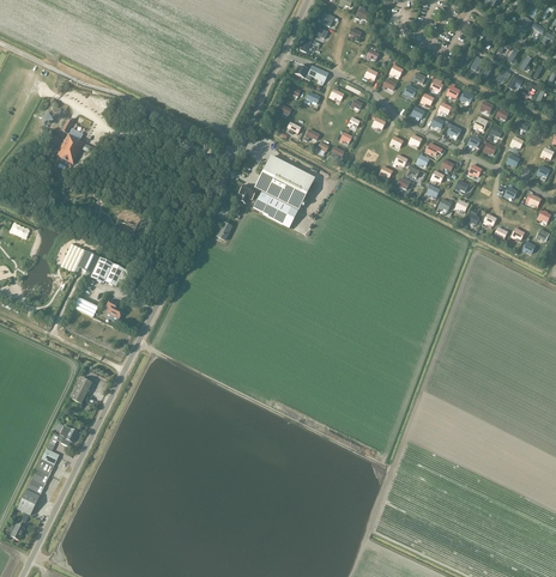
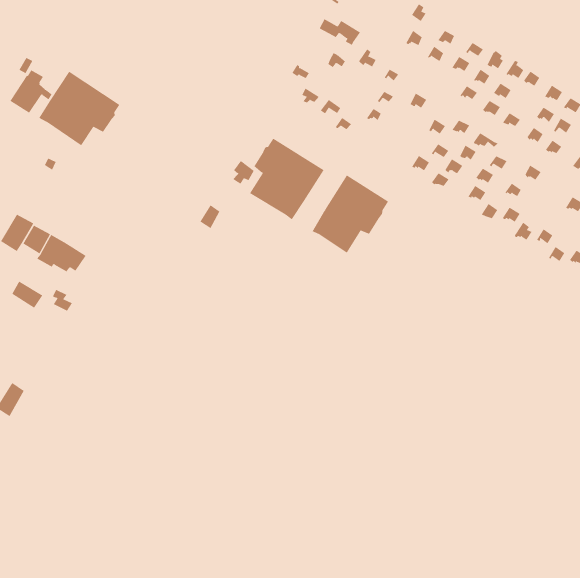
building: none -> [39,71,120,146]
building: none -> [312,175,389,254]

